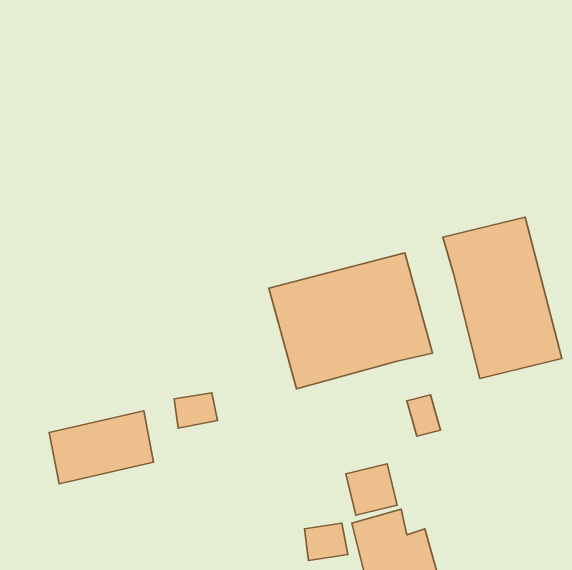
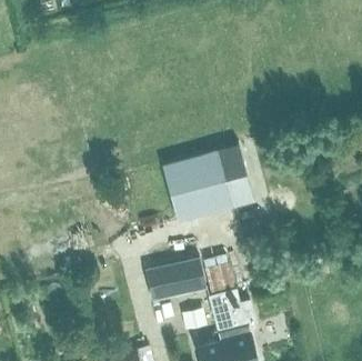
building: [443,217,562,379] -> none
building: [49,411,154,484] -> [145,261,204,302]

